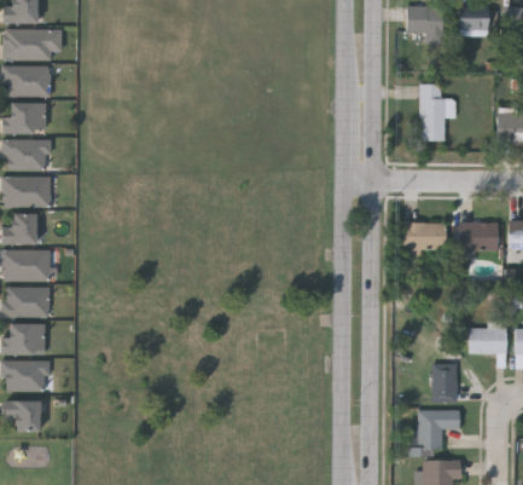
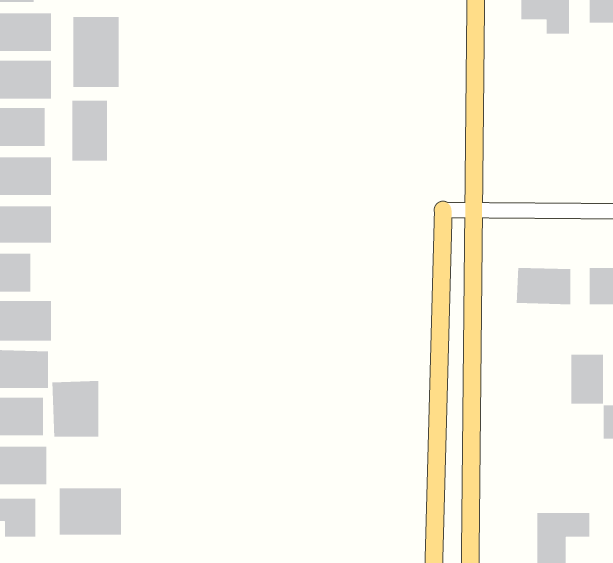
building: none -> [73,16,120,88]
building: [422,85,457,142] -> none
building: none -> [71,100,108,162]
building: none -> [52,380,99,437]
building: [434,364,459,403] -> [570,354,604,404]
building: none -> [59,488,122,536]

